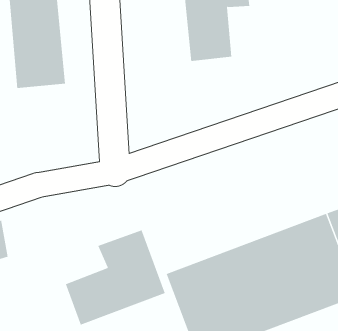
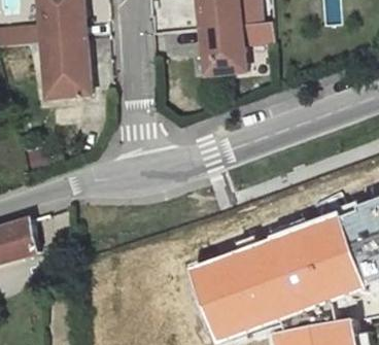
building: [65,229,166,325] -> none

